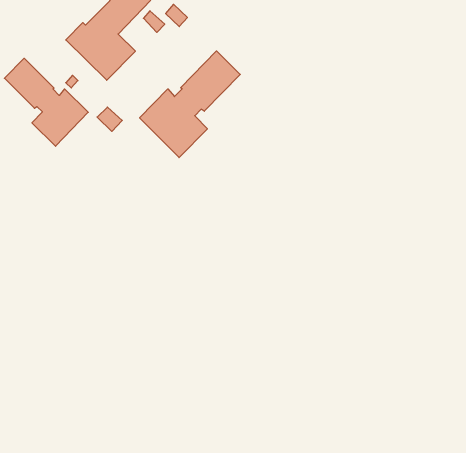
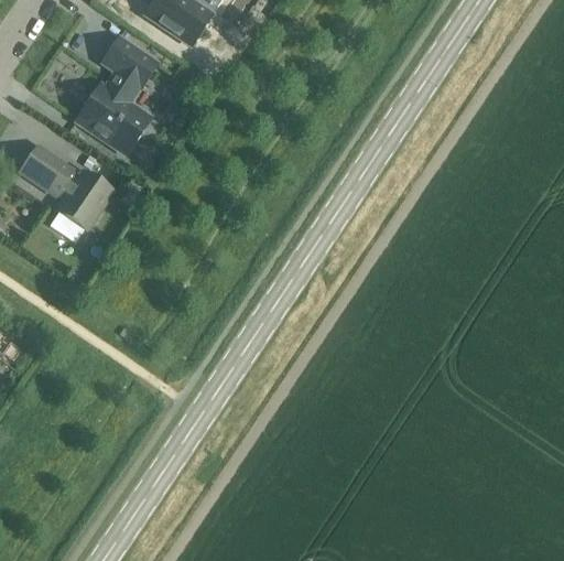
building: [140,51,240,158] -> none

